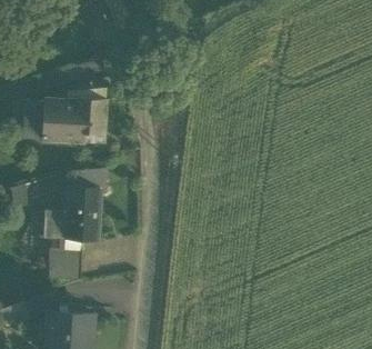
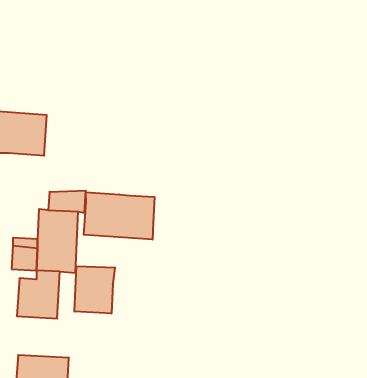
building: [71,99,105,141] -> none
building: none -> [84,192,155,240]
building: none -> [74,266,115,314]

